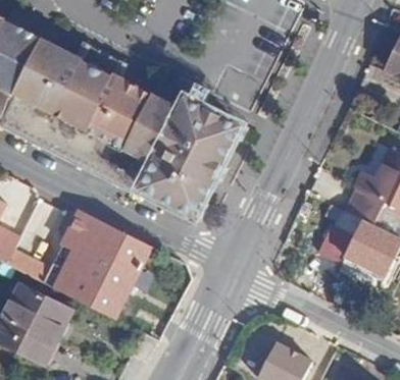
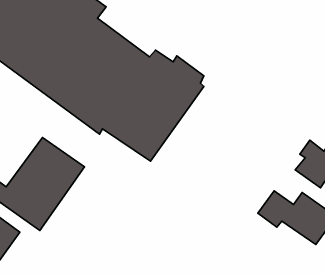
building: [92,233,151,319] -> none

